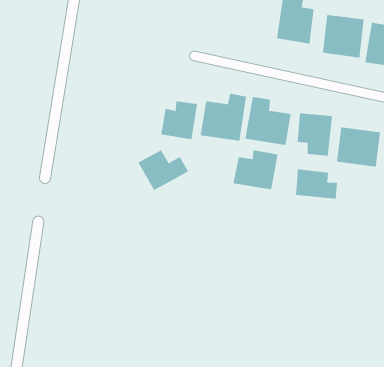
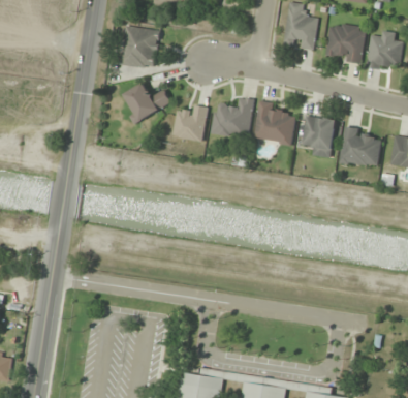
building: none -> [121,26,160,69]
building: [138,150,189,191] -> [122,83,170,122]
building: [233,150,278,190] -> none
building: [295,169,338,200] -> none

